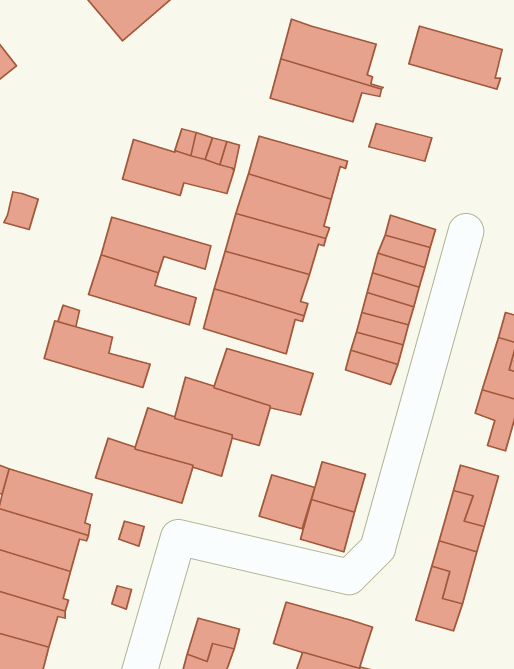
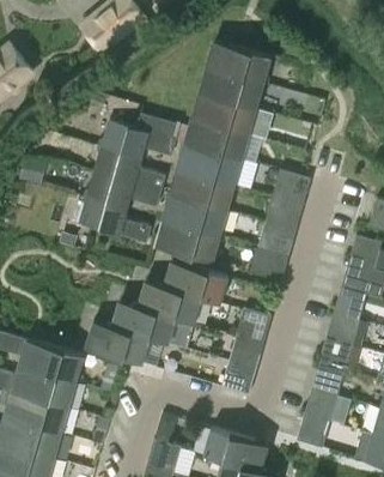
building: [409,26,502,89] -> [193,93,255,135]
building: [44,321,150,387] -> [95,147,165,192]
building: none -> [327,303,356,345]
building: [259,475,315,529] -> [234,308,272,344]

